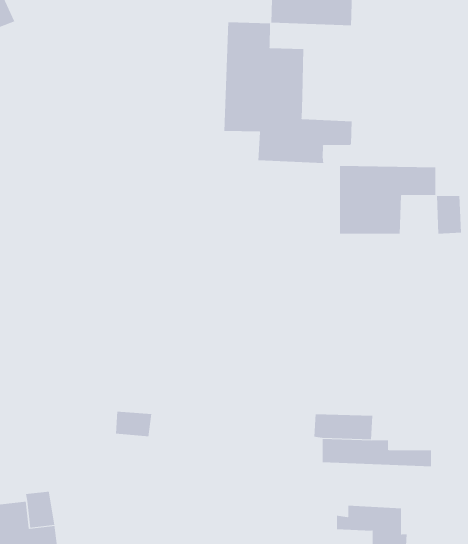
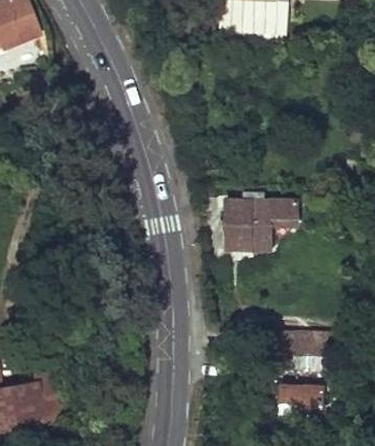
building: [224,21,352,164] -> none
building: [339,166,436,234] -> [225,200,295,249]

